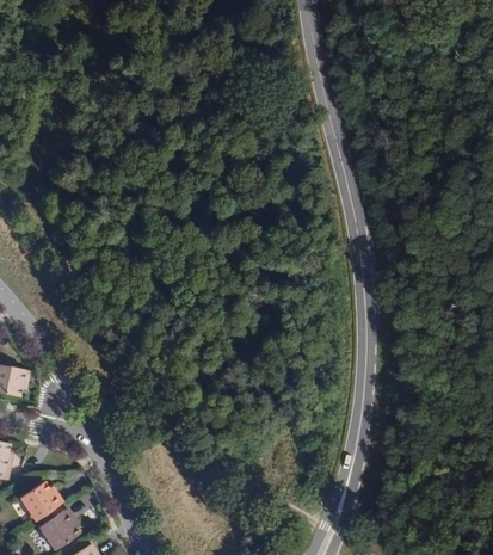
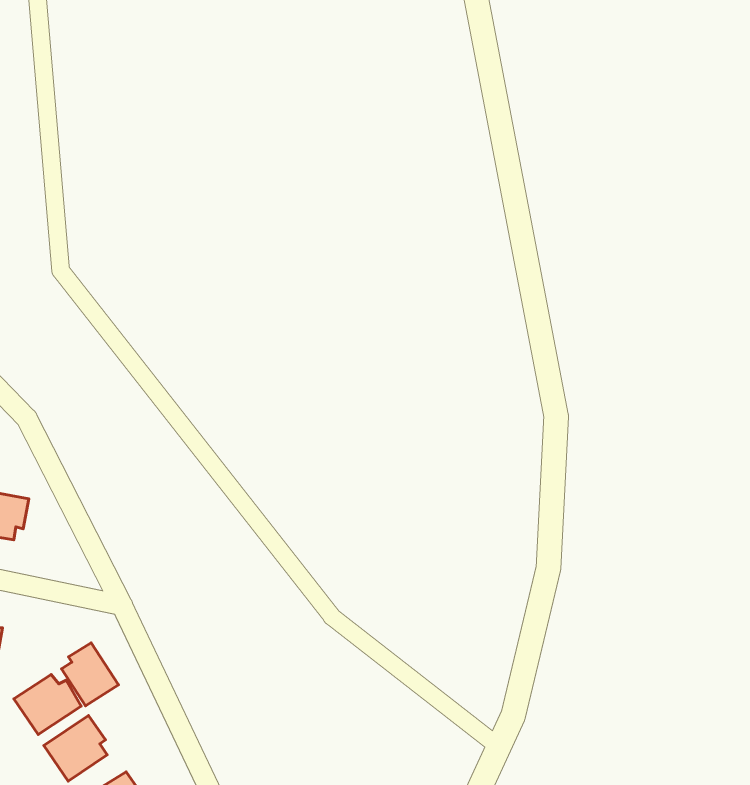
building: none -> [62,643,118,706]

